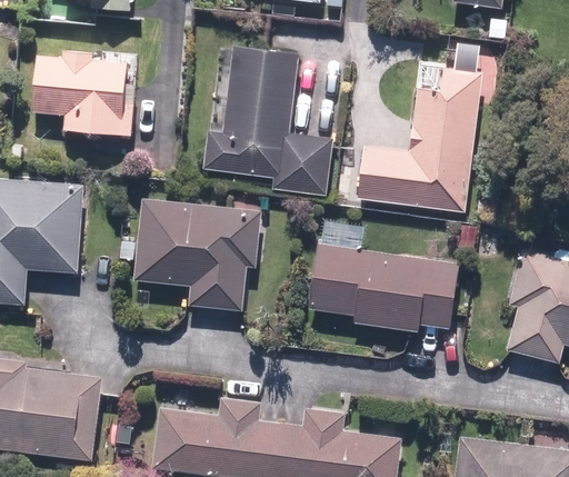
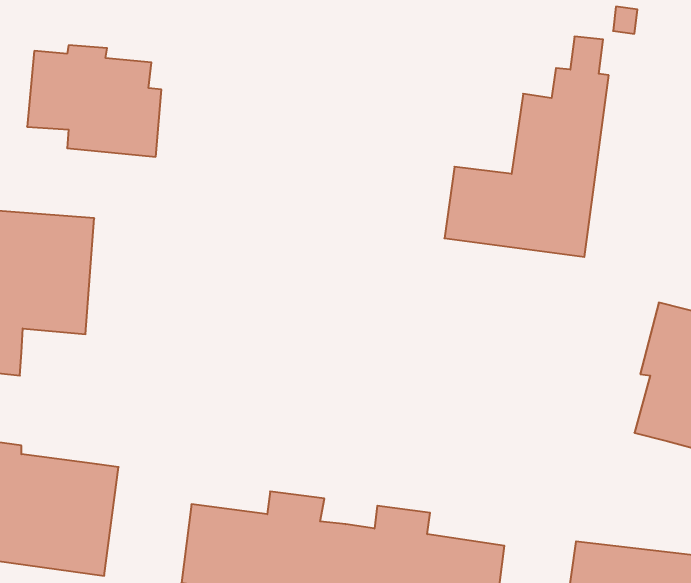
building: [201,44,333,197] -> none
building: [131,196,262,311] -> none
building: [307,220,461,334] -> none

